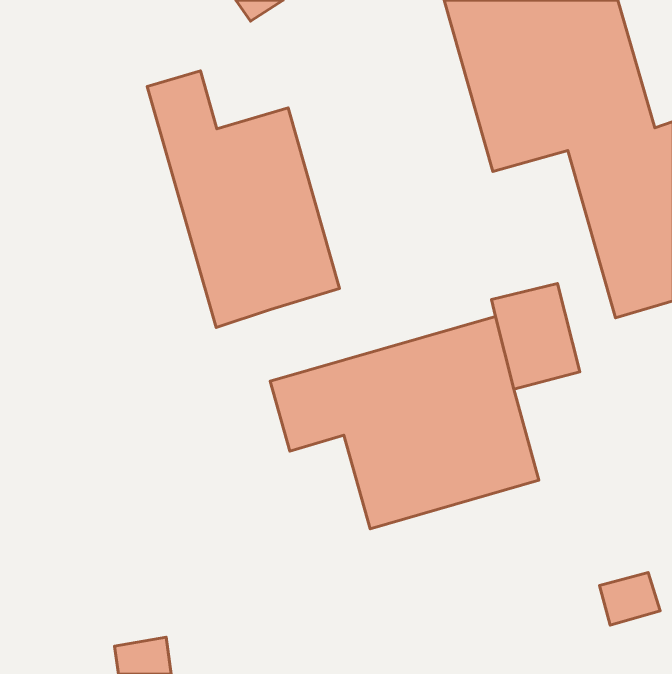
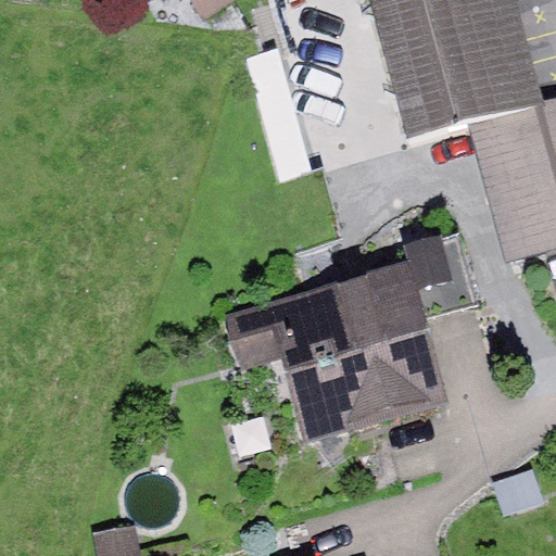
building: [147,71,340,328] -> none

